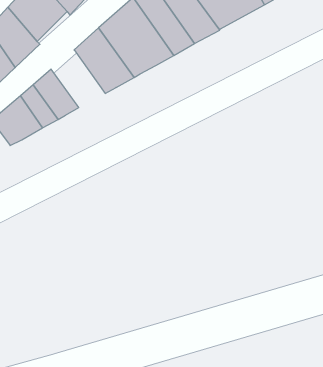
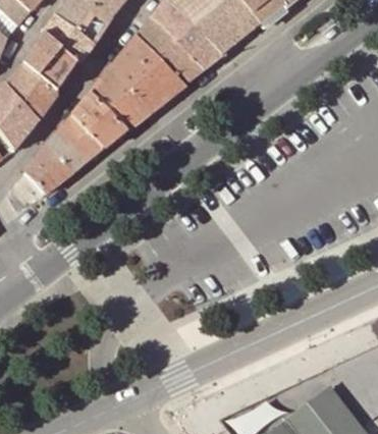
building: none -> [70,95,124,148]

